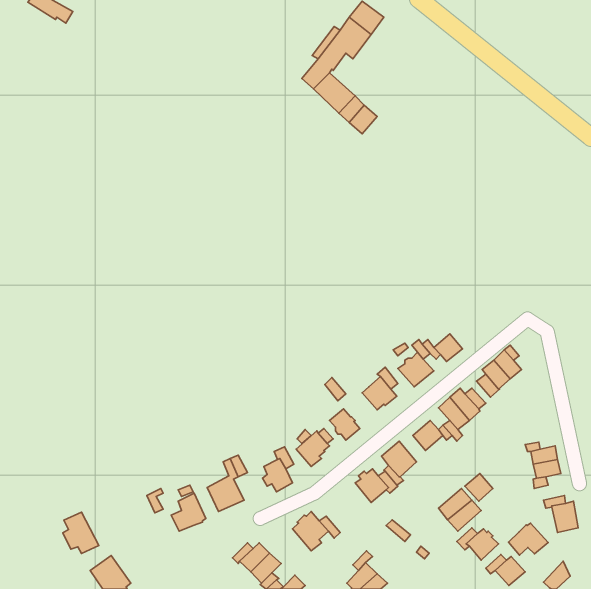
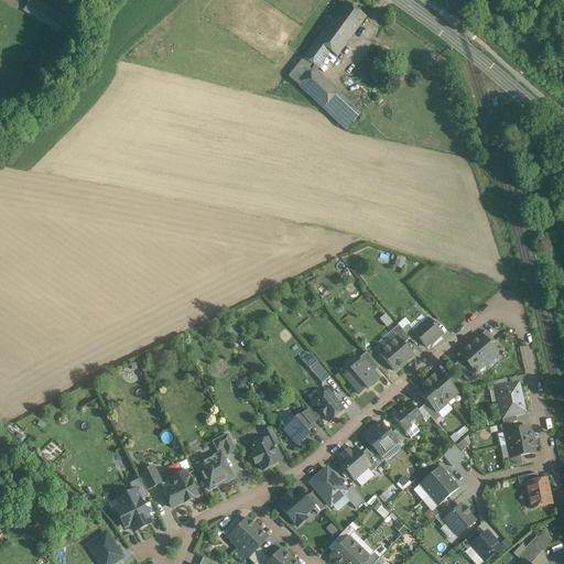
building: none -> [497,381,524,416]
building: none -> [310,467,347,505]
building: [63,512,99,554] -> [117,490,151,530]
building: [509,523,548,555] -> none

